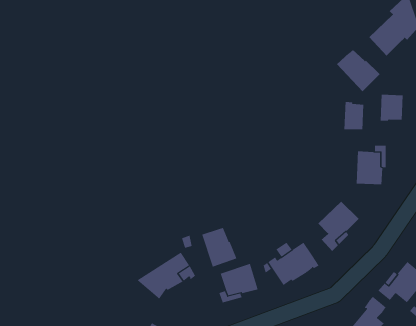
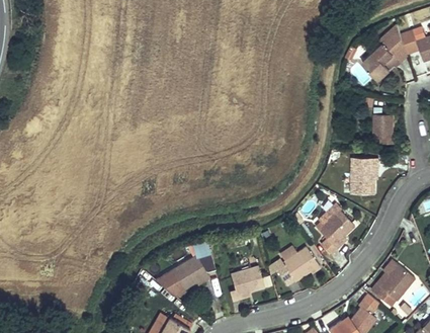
building: [336,49,381,92] -> none
building: [344,101,364,130] -> none
building: [201,227,237,268] -> none

